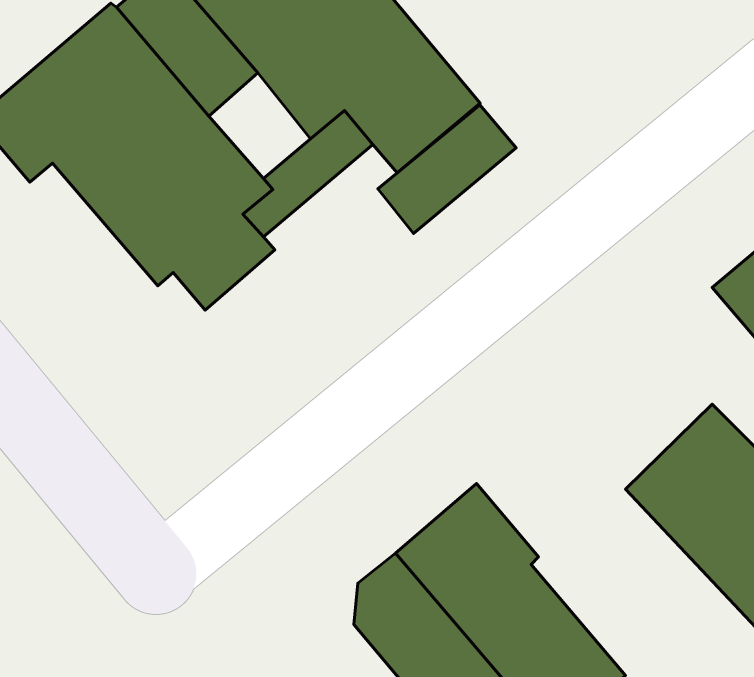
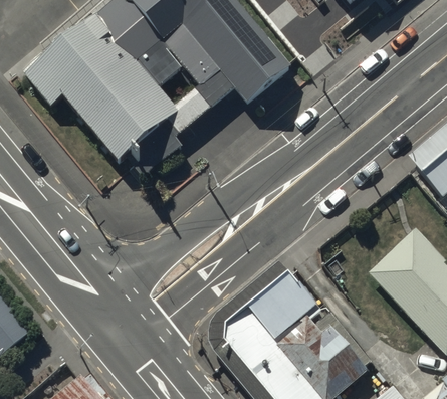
building: [378,105,516,234] -> none

